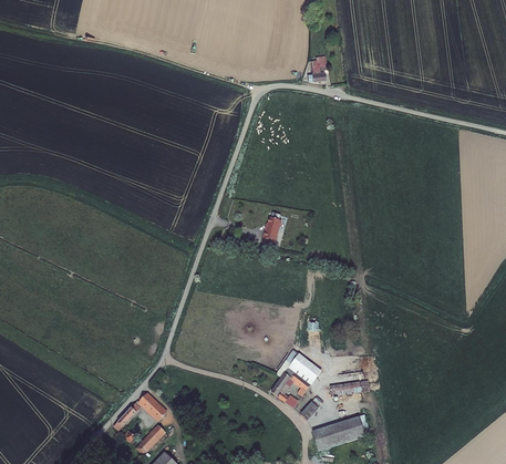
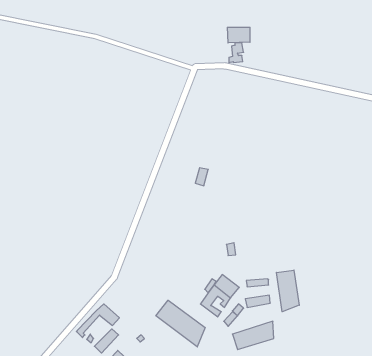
building: none -> [227,27,250,43]
building: none -> [276,270,299,312]
building: none -> [156,300,205,347]

